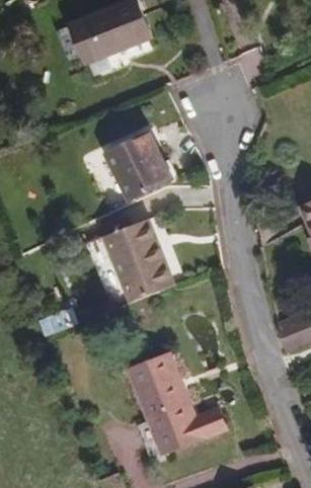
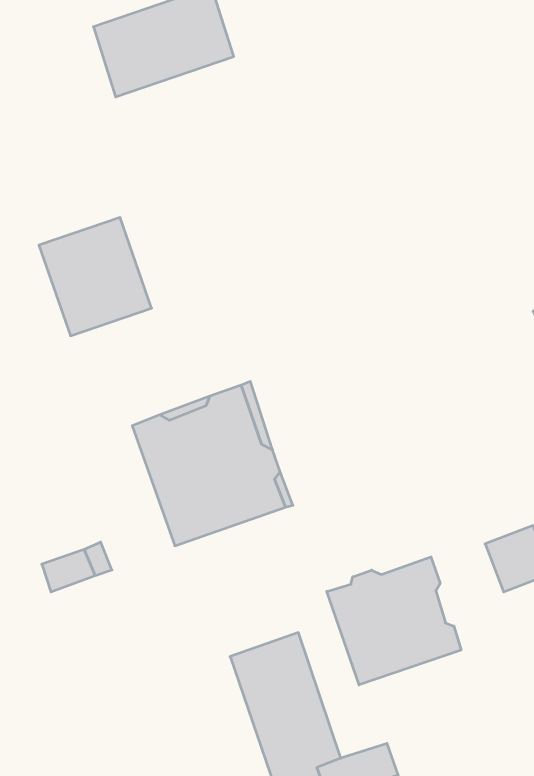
building: [100,139,162,204] -> [39,218,152,336]
building: none -> [327,557,461,685]

